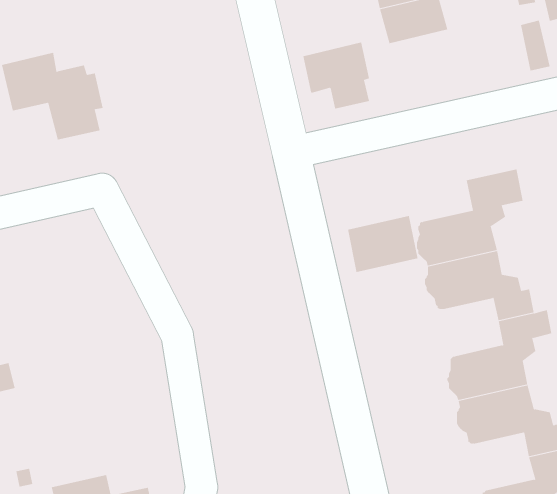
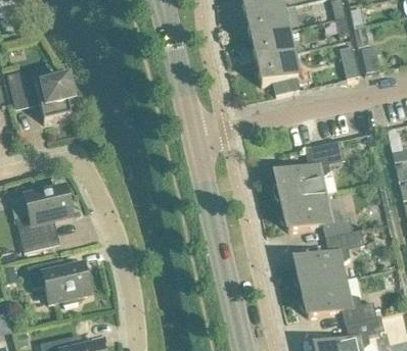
building: [302,42,370,109] -> [257,51,300,94]
building: [347,215,418,273] -> none
building: none -> [17,186,74,251]
building: none -> [29,258,91,304]

